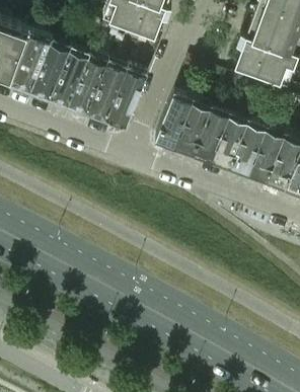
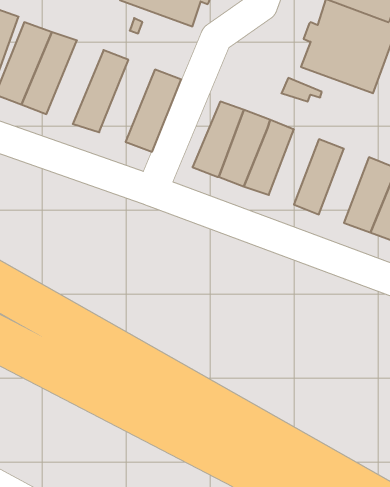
building: [48,50,89,110] -> none
building: [86,64,127,124] -> none
building: [210,114,246,169] -> none
building: [246,129,283,182] -> none

